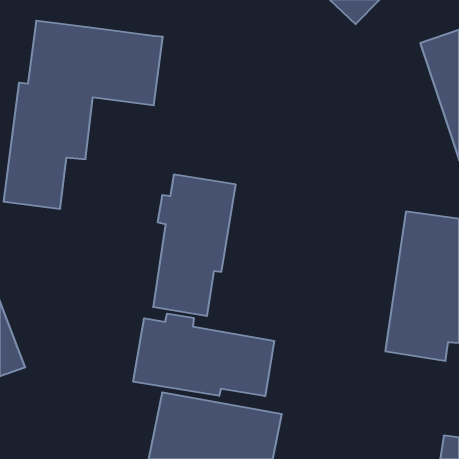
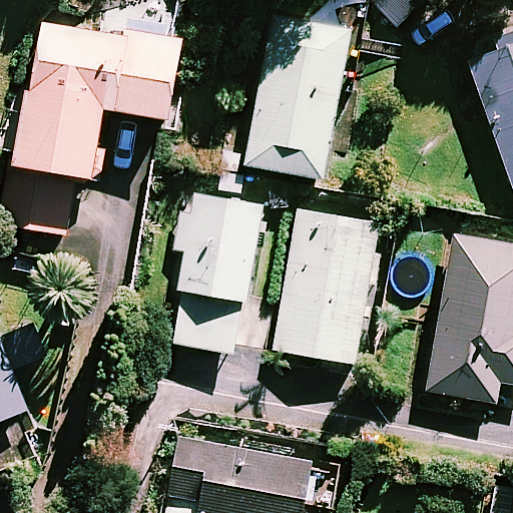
building: none -> [244,16,352,178]
building: none -> [275,209,378,362]
building: [133,314,274,396] -> none

